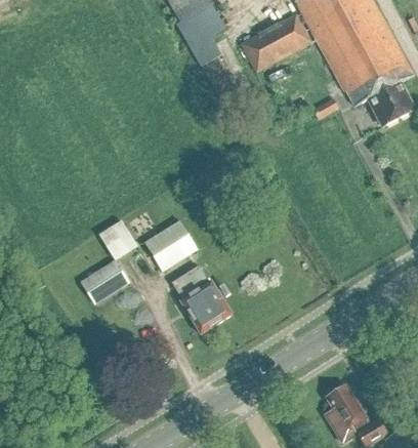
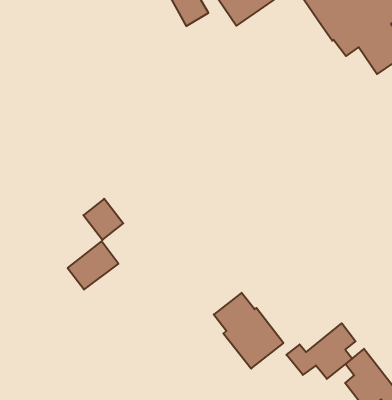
building: [143,219,196,268] -> none
building: [170,262,232,333] -> [214,293,283,369]
building: none -> [286,323,356,379]

